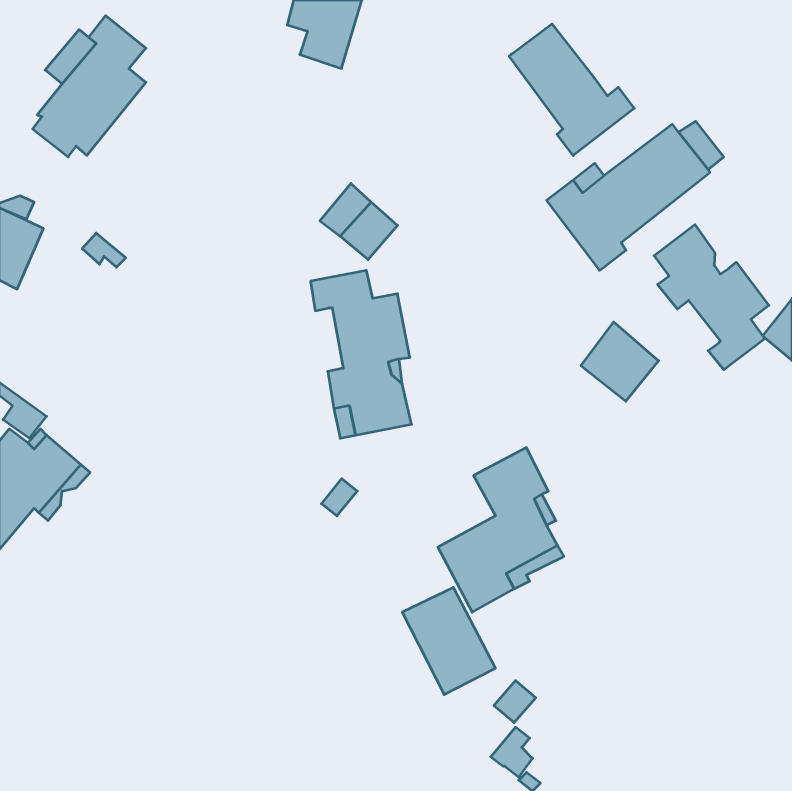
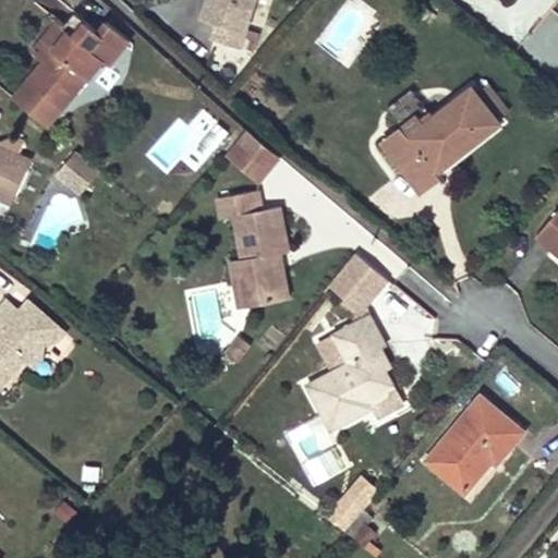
building: [509,24,634,156] -> none
building: [654,225,769,370] -> none
building: [581,322,659,401] -> [331,252,386,307]
building: none -> [427,398,522,493]

